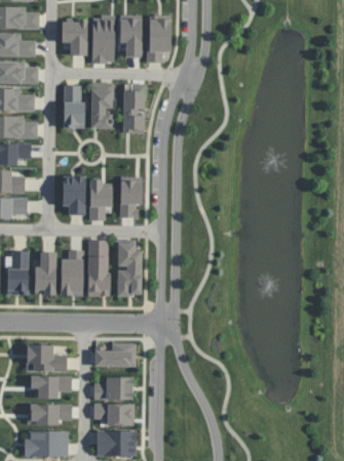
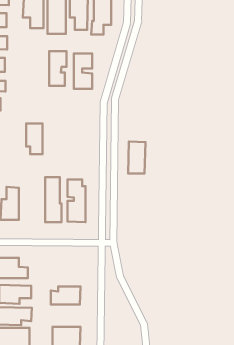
building: [65,84,86,127] -> none
building: [119,178,141,218] -> [128,141,145,173]
building: [88,179,112,221] -> none
building: [62,245,87,298] -> none
building: [97,342,139,371] -> none
building: [95,403,137,426] -> none

